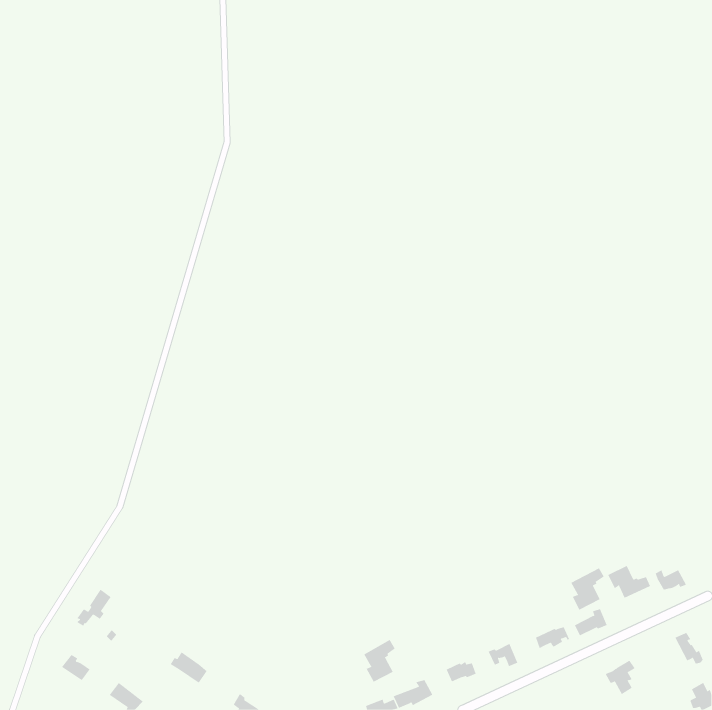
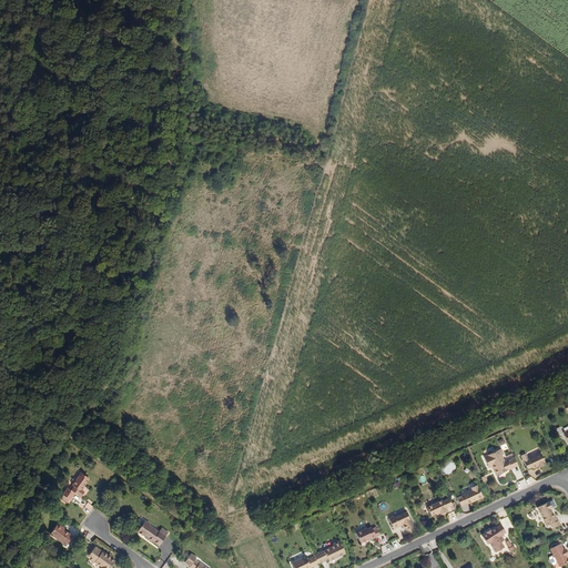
building: [570,568,605,610] -> none
building: [363,639,396,683] -> none

